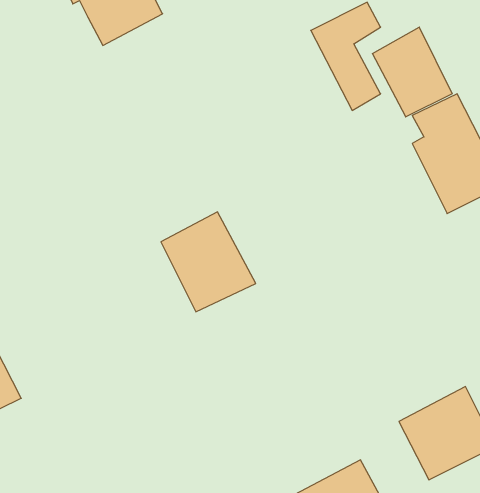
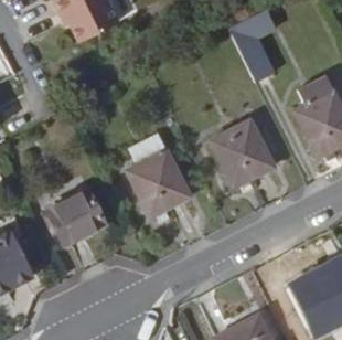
building: [372,27,452,117] -> none
building: none -> [212,123,272,184]
building: none -> [49,184,105,238]

